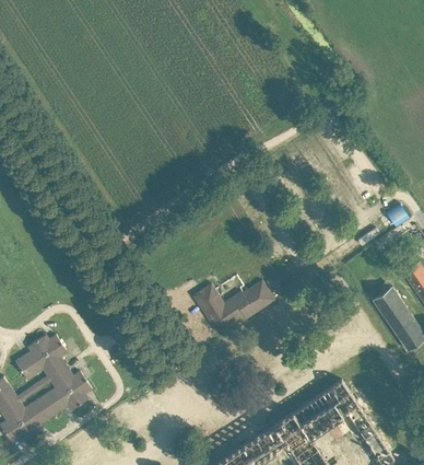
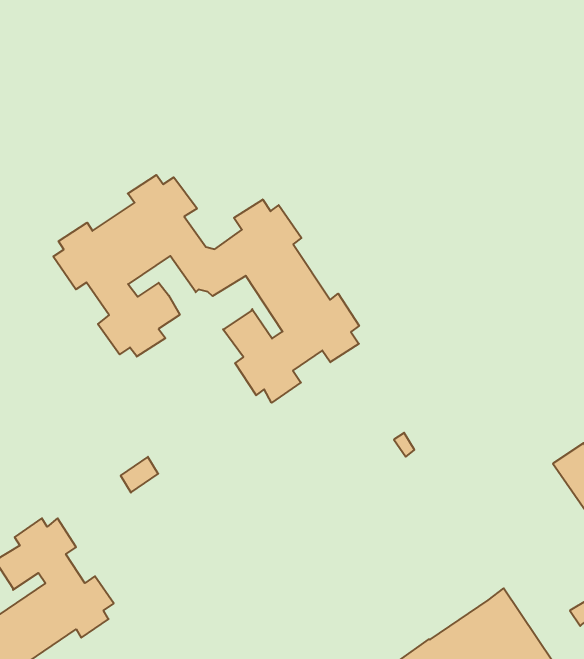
building: none -> [53,175,359,403]
building: [192,281,273,334] -> none

